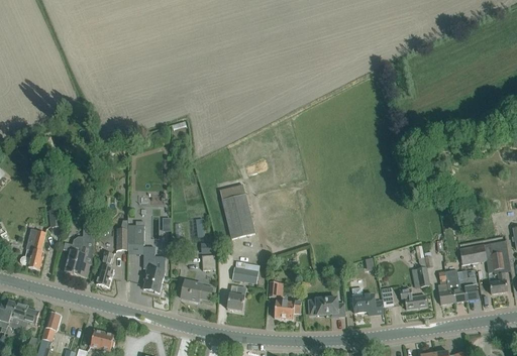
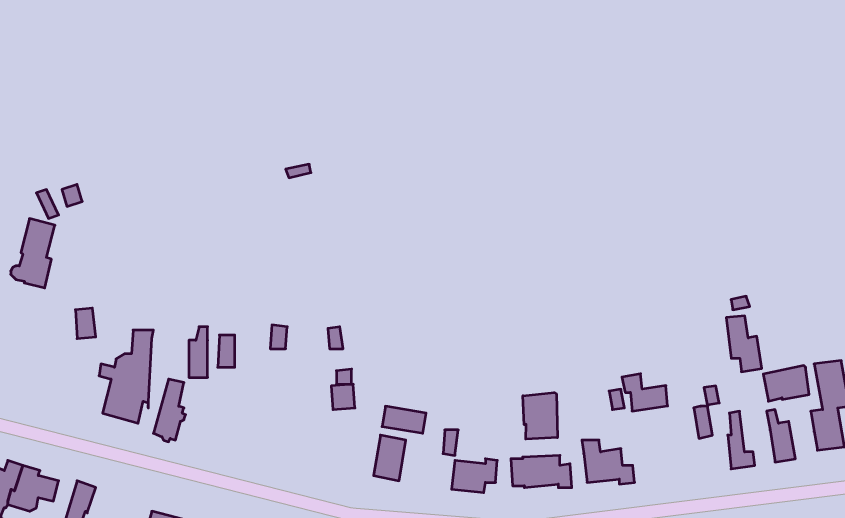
building: [219,184,254,239] -> none
building: [19,228,45,269] -> [11,219,55,288]
building: [142,246,165,292] -> none
building: none -> [523,393,557,439]
building: [444,269,466,303] -> [726,316,762,372]
building: [181,279,211,302] -> none
building: [399,287,426,310] -> [622,374,668,411]

